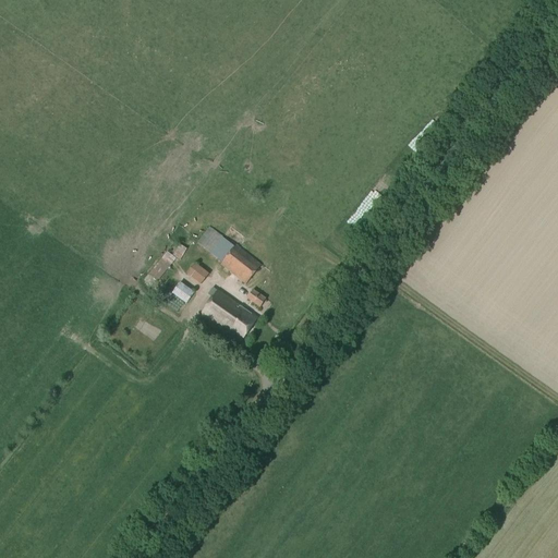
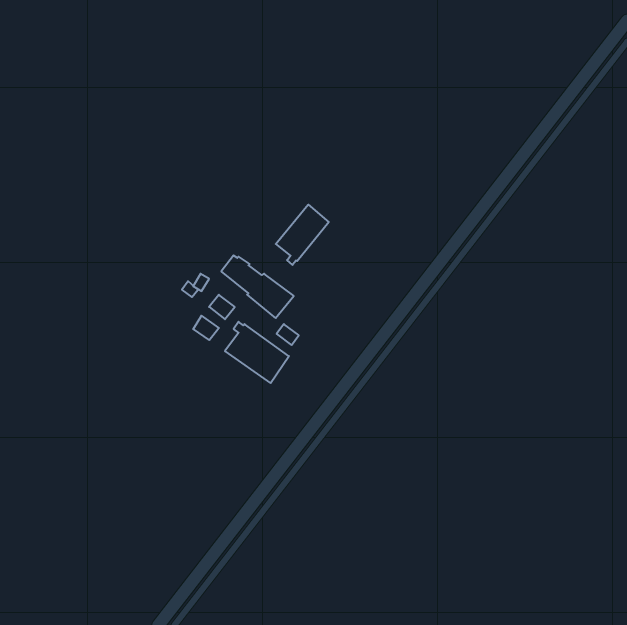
building: none -> [276,205,329,265]

